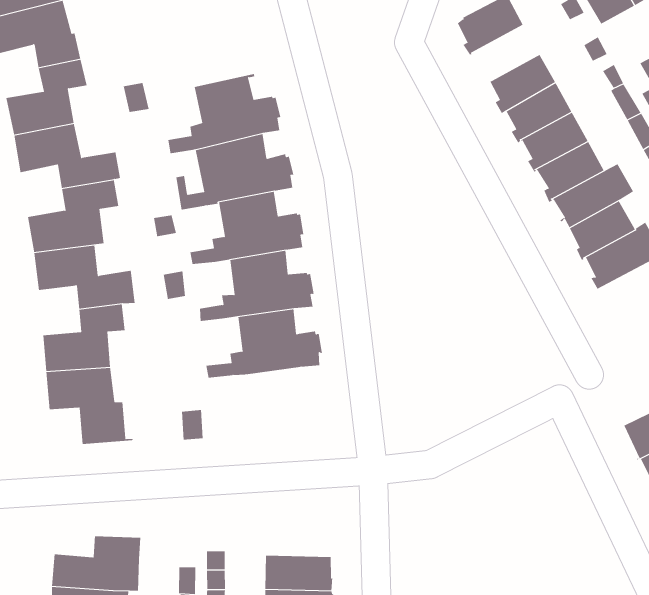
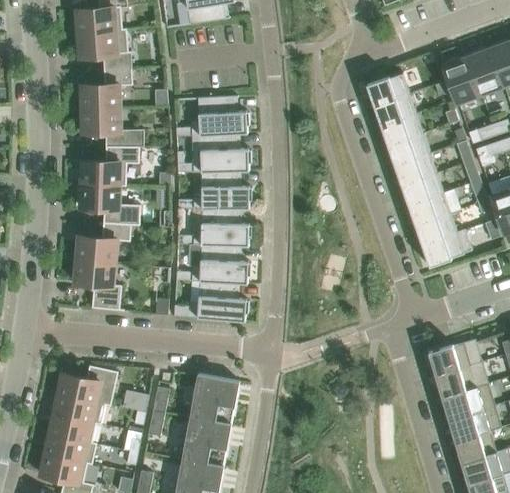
building: none -> [373,94,415,127]
building: none -> [173,282,247,322]
building: none -> [192,374,239,404]

